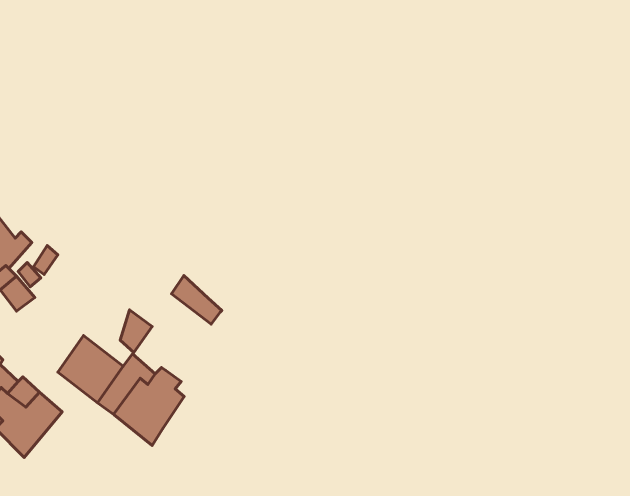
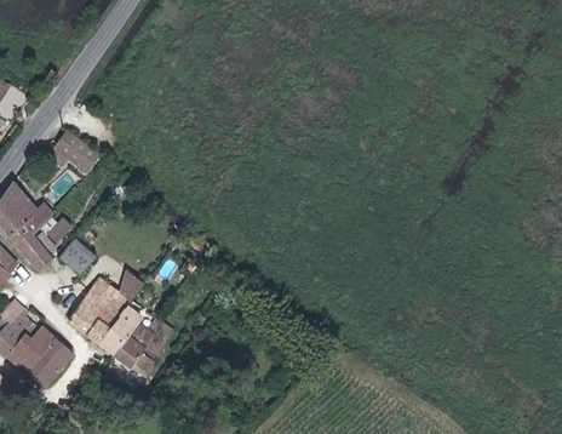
building: none -> [53,130,98,171]
building: none -> [58,239,96,274]
building: [172,275,222,324] -> [90,276,130,315]

